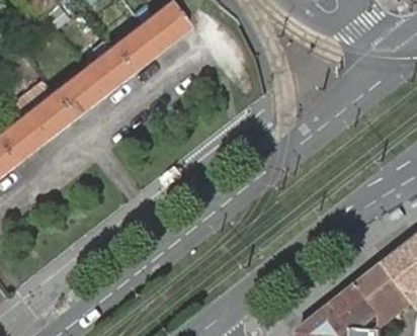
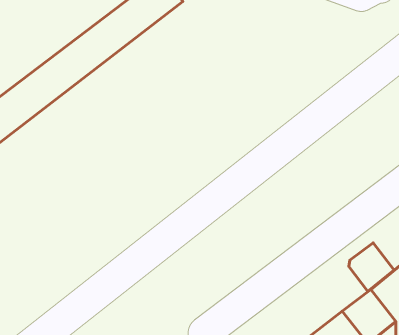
building: none -> [349,243,394,291]

